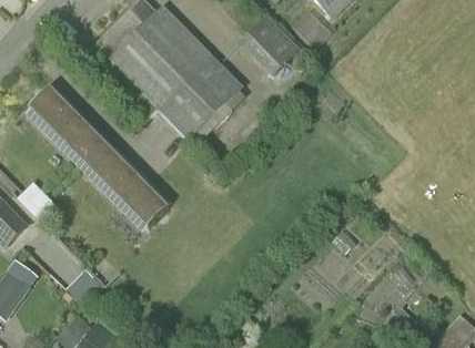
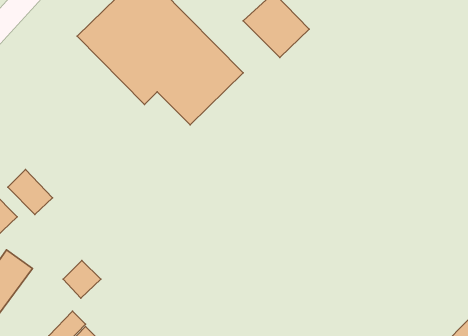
building: [31,89,168,227] -> none

